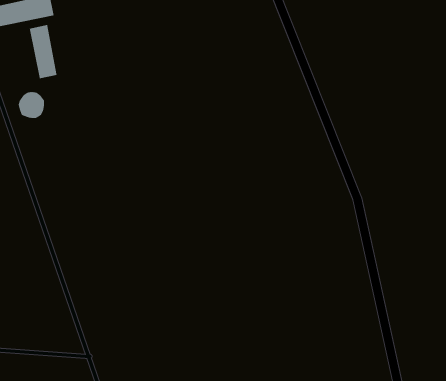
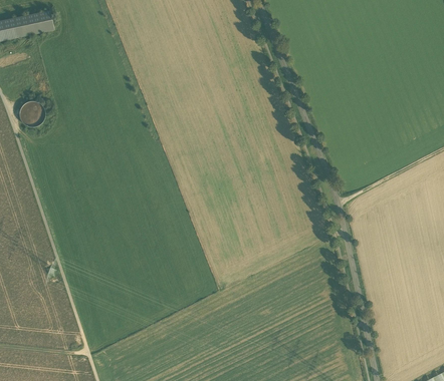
building: [29,24,57,79] -> none

